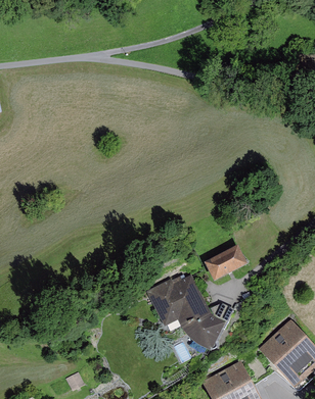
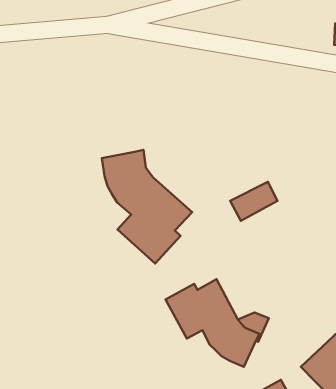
building: none -> [102,150,192,264]
building: [201,247,242,281] -> [230,182,277,221]

